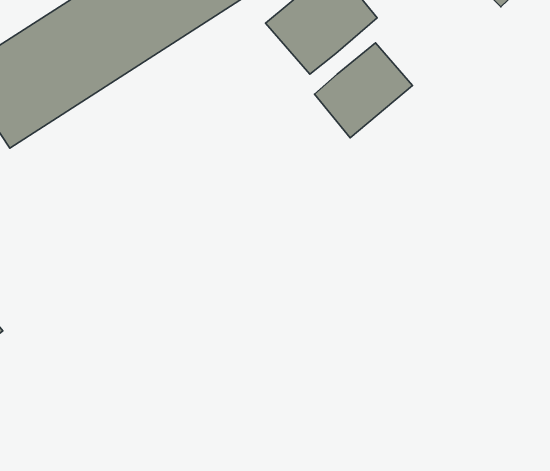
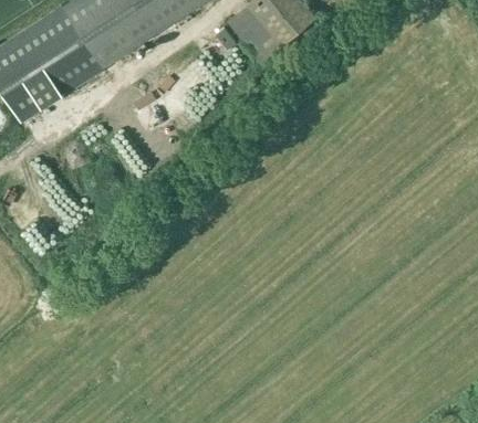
building: [315,43,413,138] -> none

